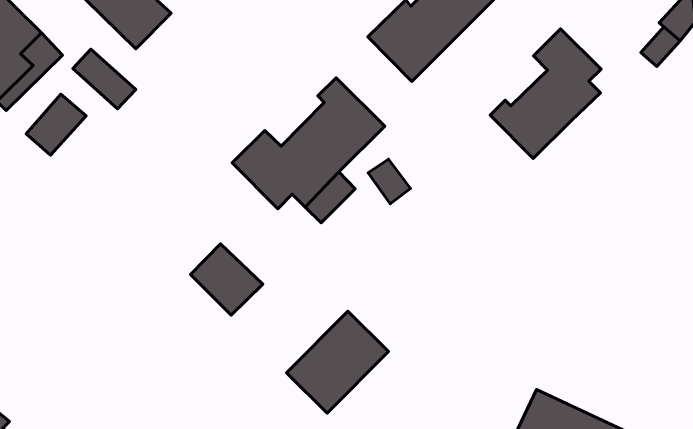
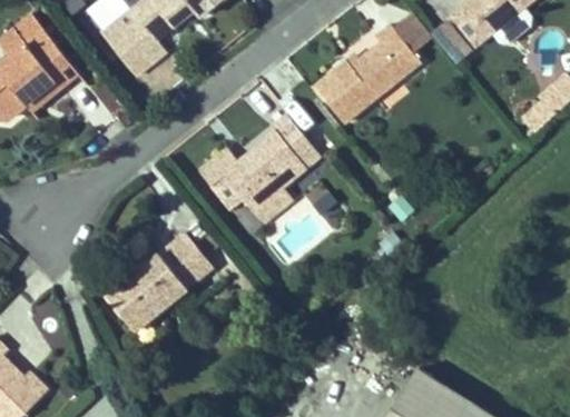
building: [490,29,601,159] -> none
building: [26,94,86,155] -> none
building: [287,311,389,413] -> [107,252,187,329]

